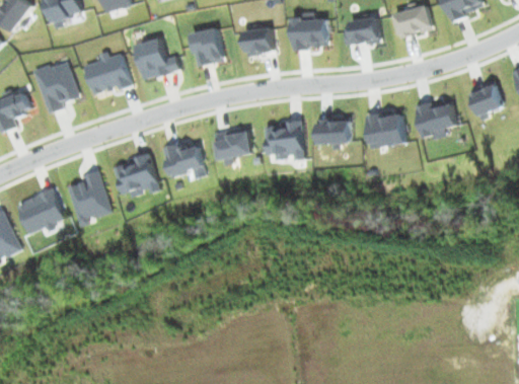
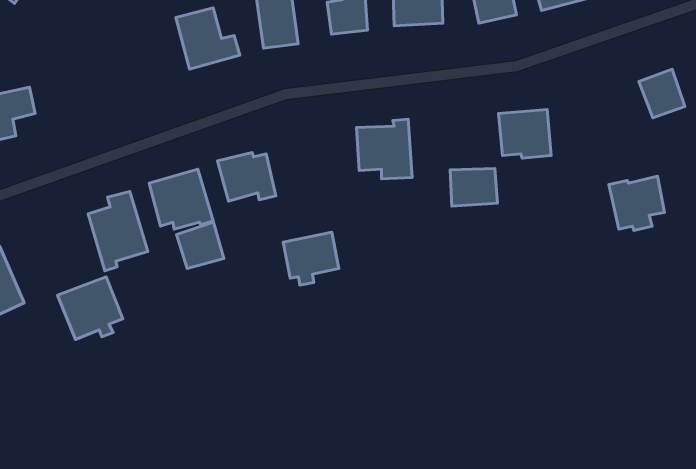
building: [83,52,130,96] -> none
building: [33,61,79,114] -> none
building: [417,100,457,140] -> [609,176,665,230]
building: [317,118,352,145] -> [450,168,498,206]
building: [212,128,252,166] -> [283,232,339,285]
building: [16,189,64,235] -> [57,277,123,340]
building: none -> [177,222,224,269]

